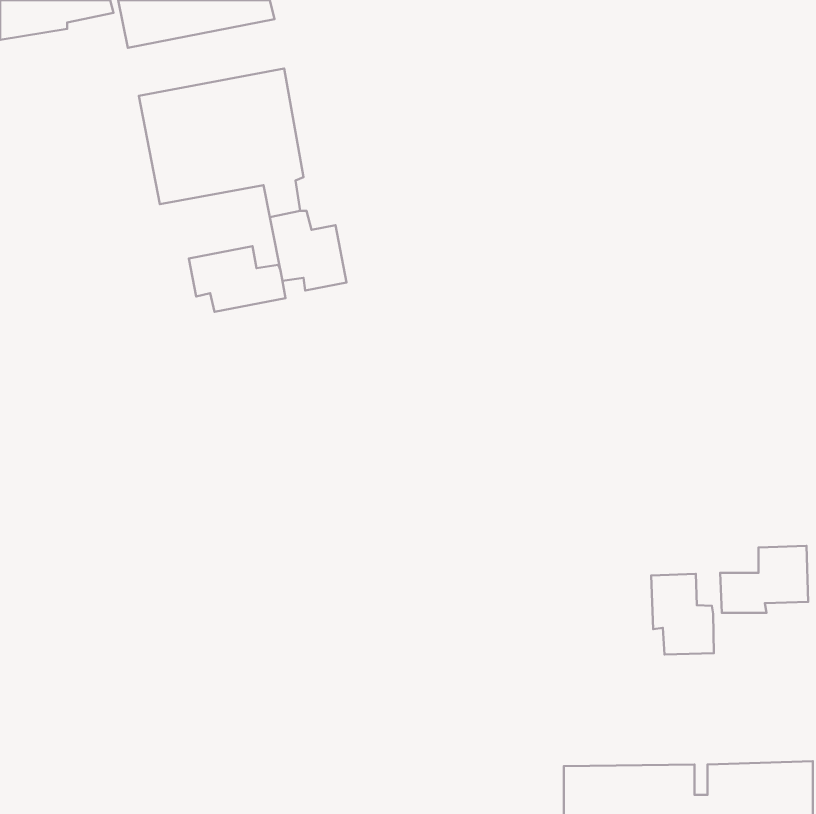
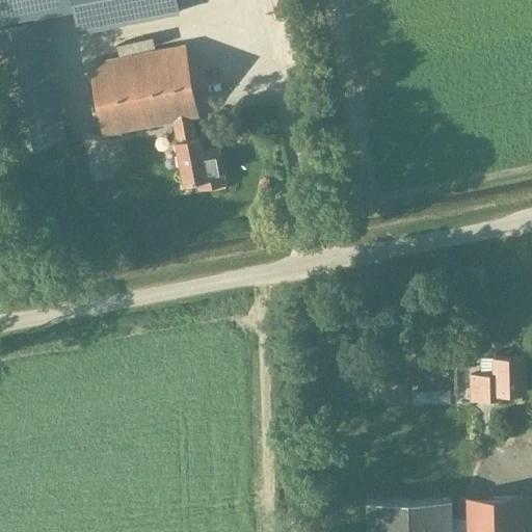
building: [189,246,285,312] -> none
building: [651,574,714,654] -> none

